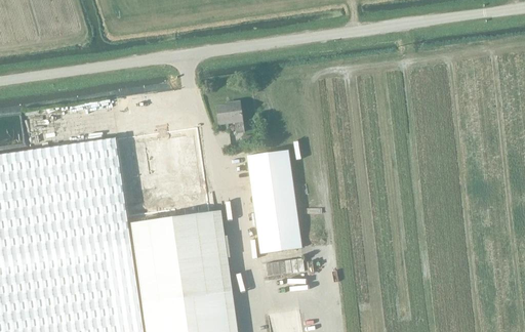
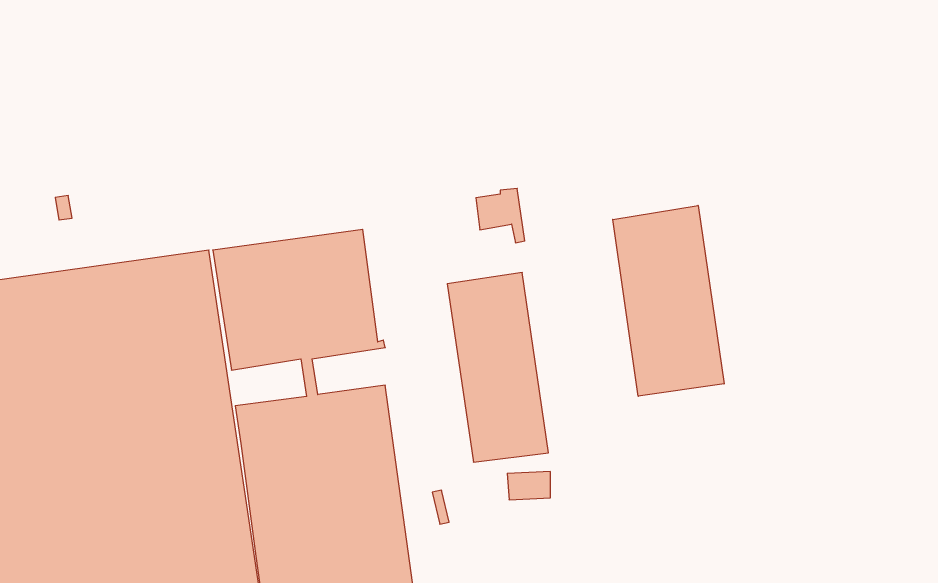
building: [216,101,243,131] -> [476,188,525,243]
building: none -> [613,205,724,396]

